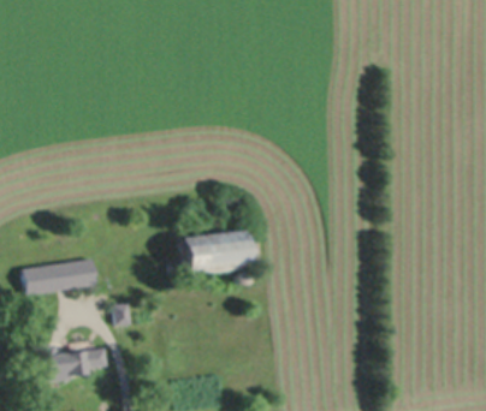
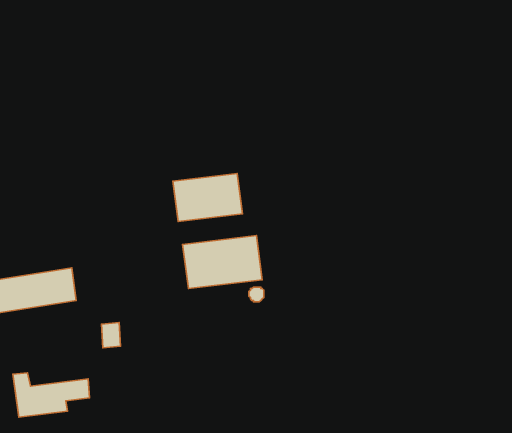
building: none -> [173,174,242,222]

